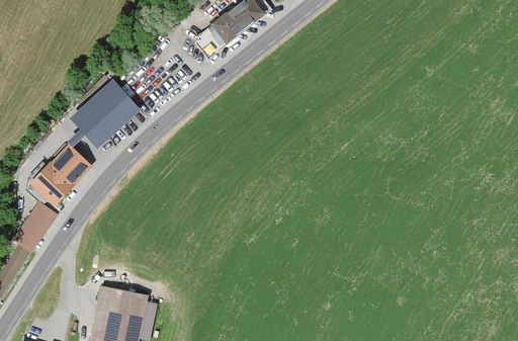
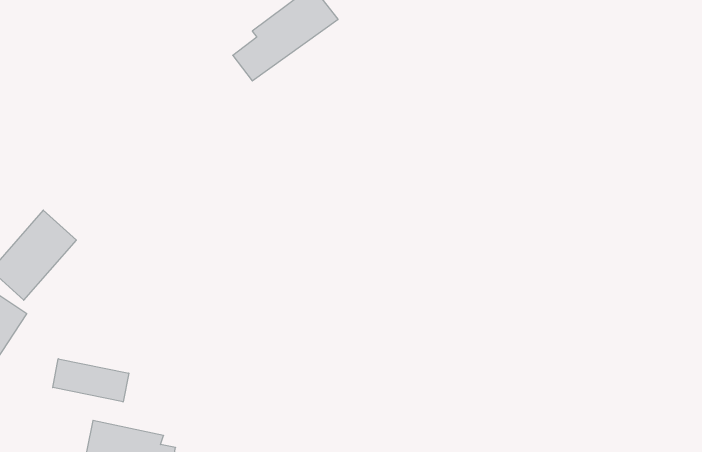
building: [68,78,141,147] -> none
building: none -> [53,359,129,402]

